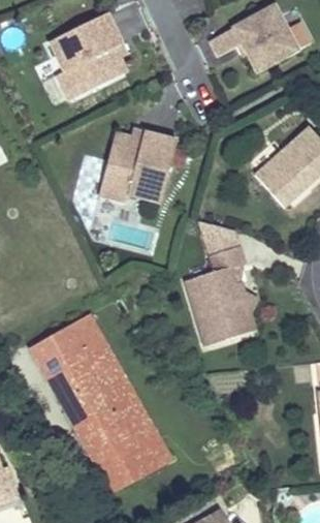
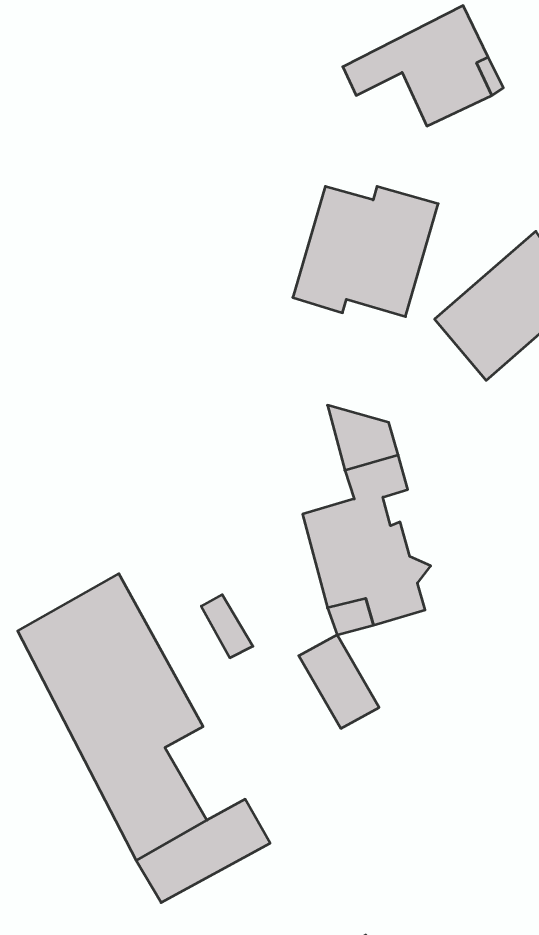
building: [51,12,127,99] -> none
building: [97,133,175,204] -> [293,186,438,317]
building: [114,396,157,447] -> [299,635,379,728]

